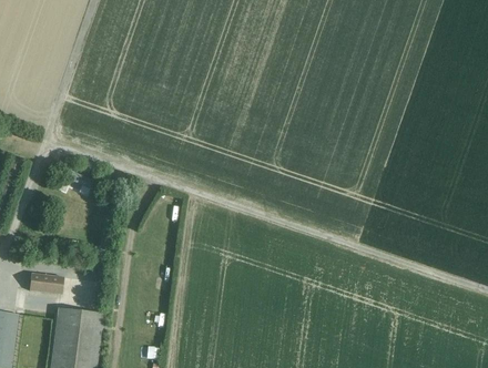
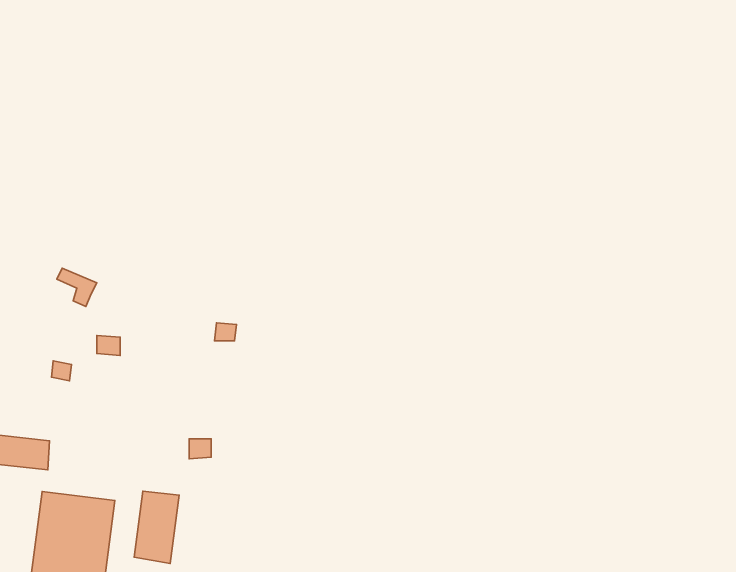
building: none -> [134,491,179,563]

